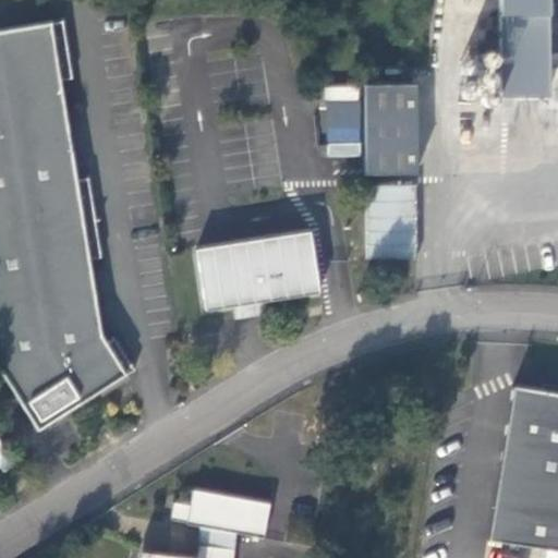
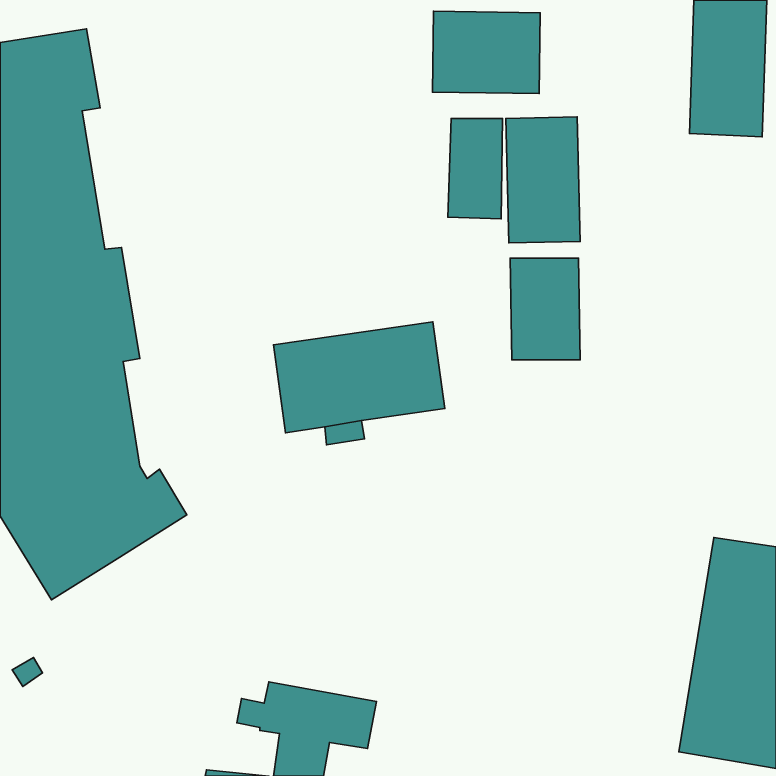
building: none -> [433,11,540,94]

